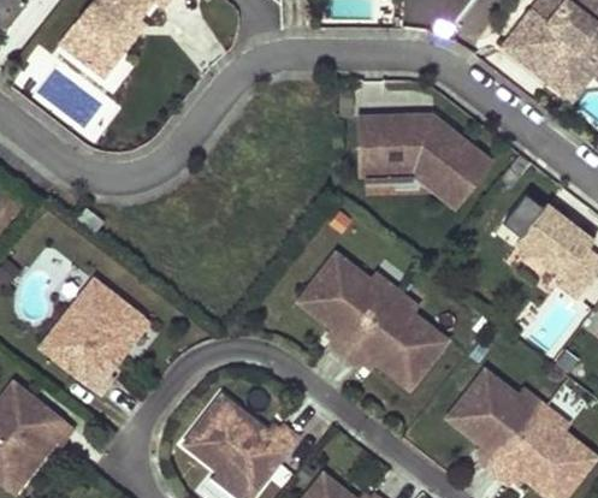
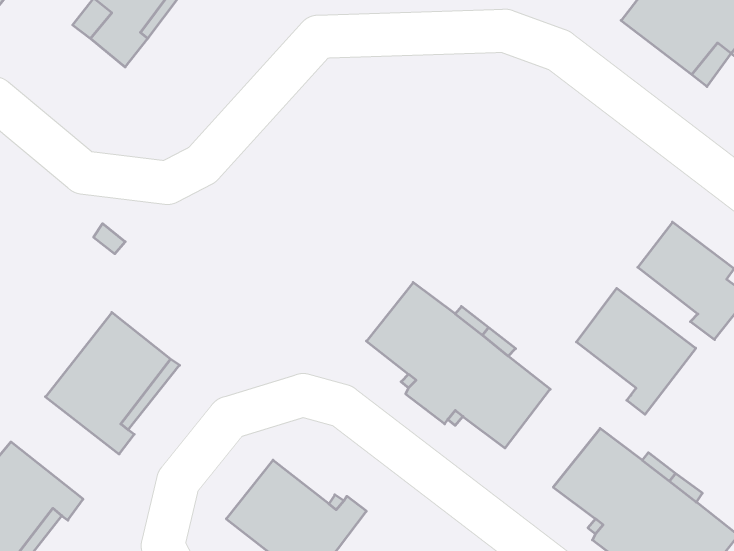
building: [355,112,486,206] -> none
building: none -> [576,288,696,414]

